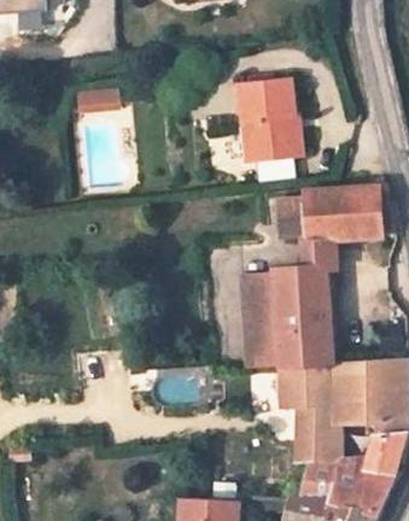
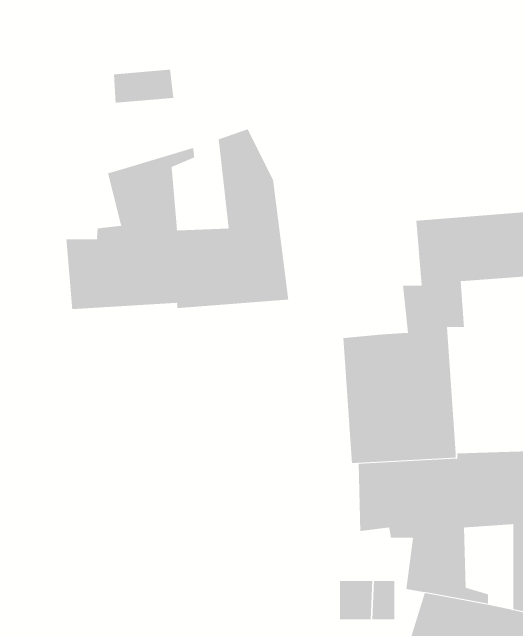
building: [239,83,304,166] -> none
building: none -> [66,128,289,310]

